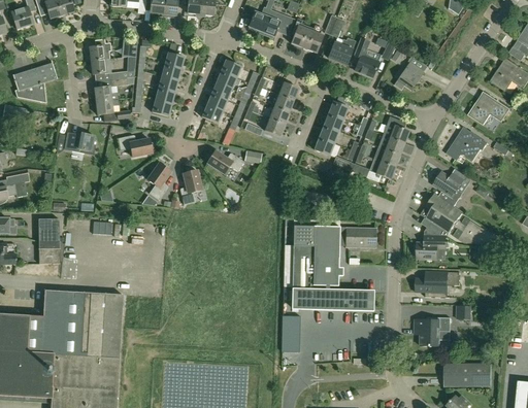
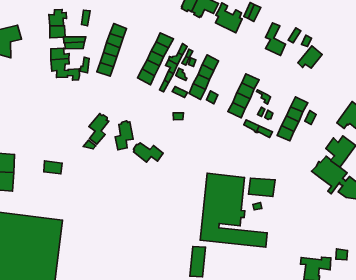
building: [328,37,356,64] -> none
building: [56,132,94,155] -> none
building: [118,134,153,155] -> none
building: [207,150,243,173] -> [133,143,163,162]
building: [415,220,447,259] -> none
building: [416,271,460,297] -> none

